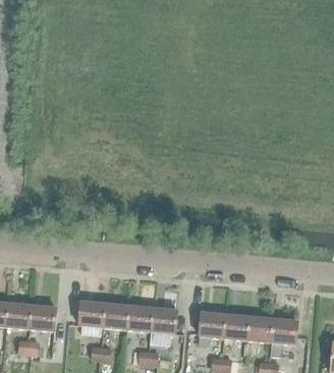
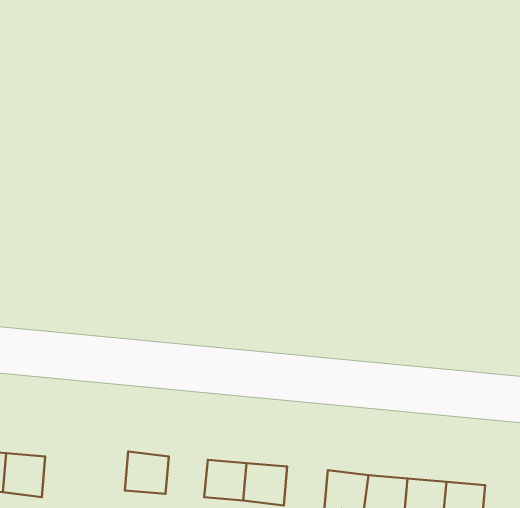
building: [29,306,55,332] -> none
building: [103,306,128,330] -> none

